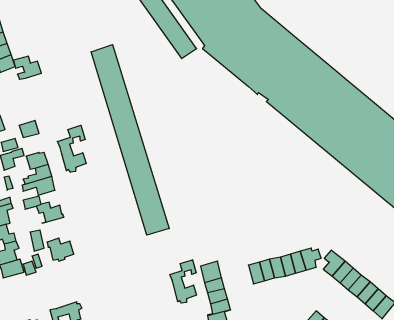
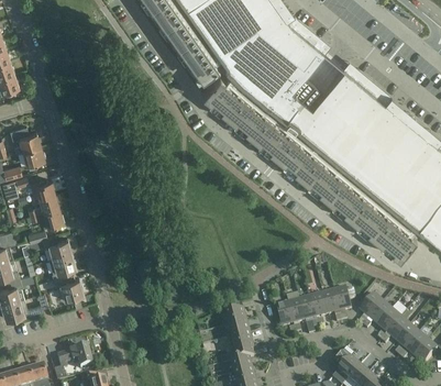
building: [91,45,169,235] -> none
building: none -> [202,75,416,257]
building: [14,56,41,79] -> [9,128,40,153]
building: [57,125,86,172] -> none
building: none -> [47,253,75,280]
building: [170,260,197,303] -> none

